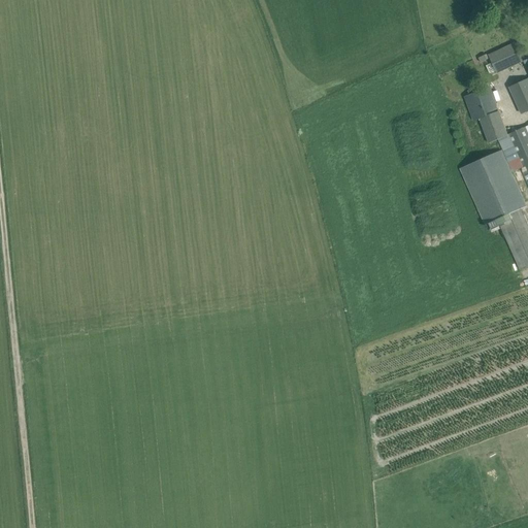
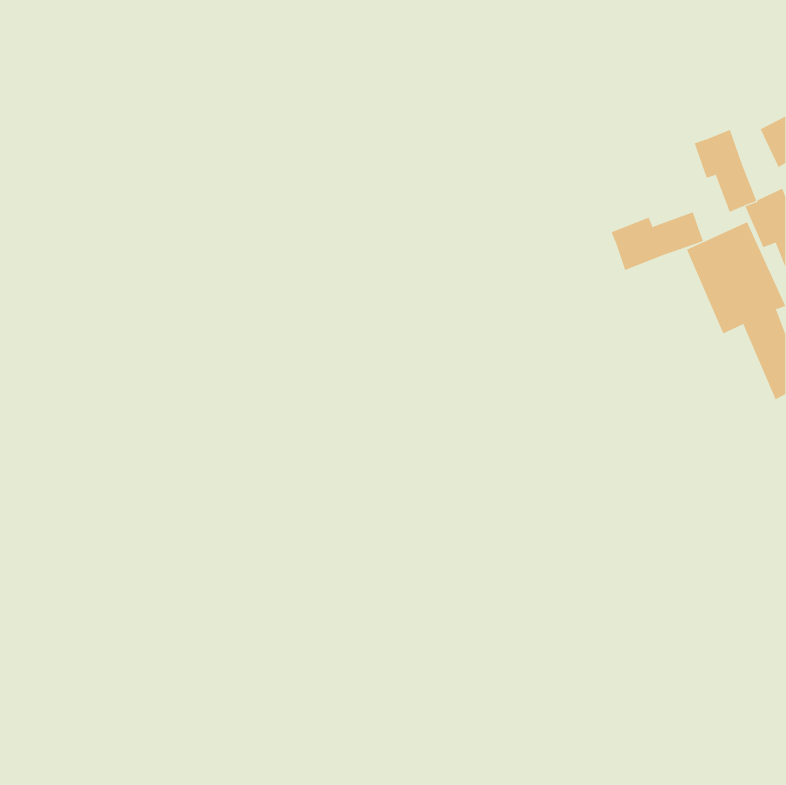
building: [489,42,522,72] -> none
building: none -> [611,212,704,271]

